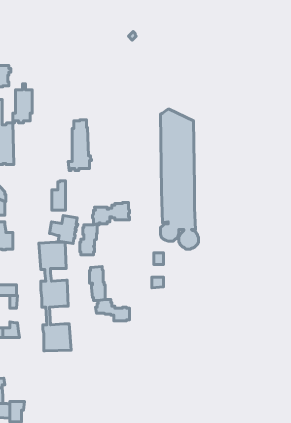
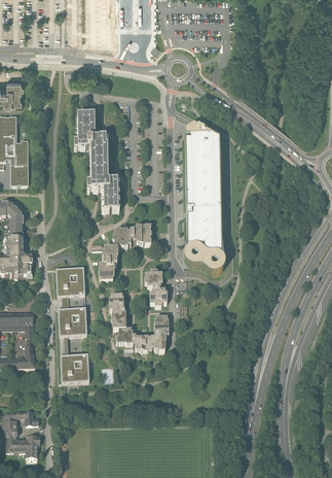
building: [13,84,32,123] -> [74,106,95,147]
building: [52,181,66,210] -> [103,178,117,209]
building: [50,216,78,243] -> none
building: none -> [145,270,167,305]
building: none -> [151,314,169,350]

